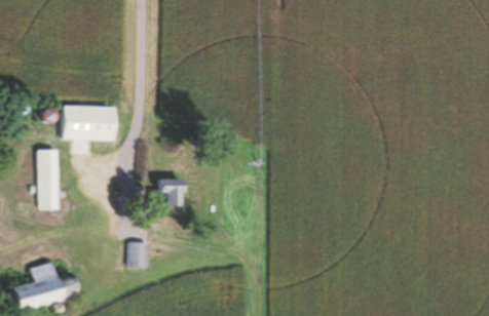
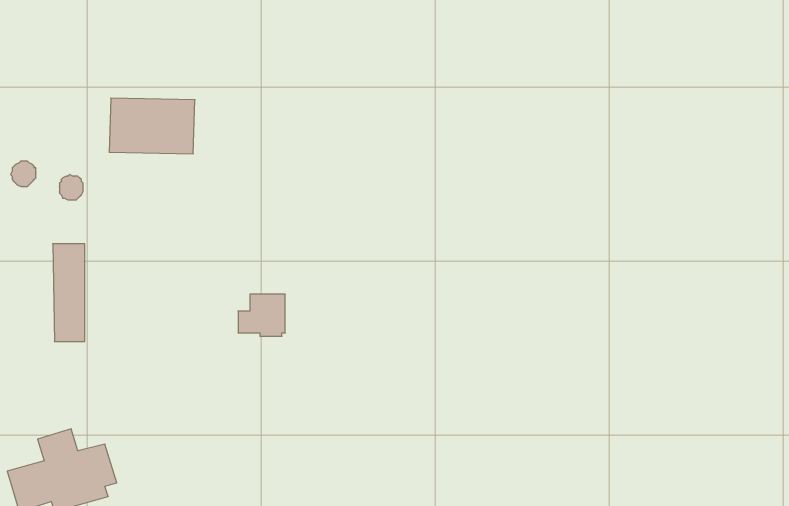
building: [63,106,115,140] -> [109,98,195,154]
building: [127,242,147,268] -> none

